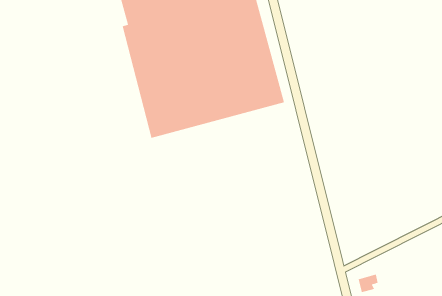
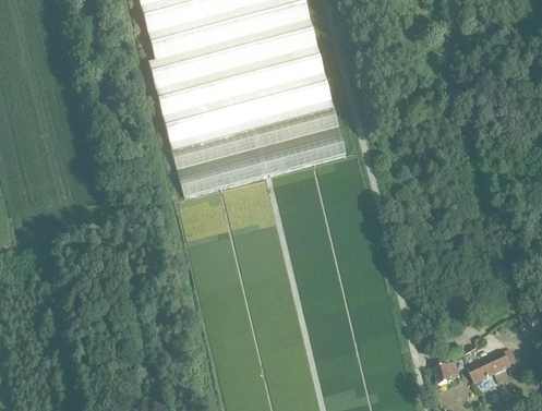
building: none -> [467,347,517,382]

